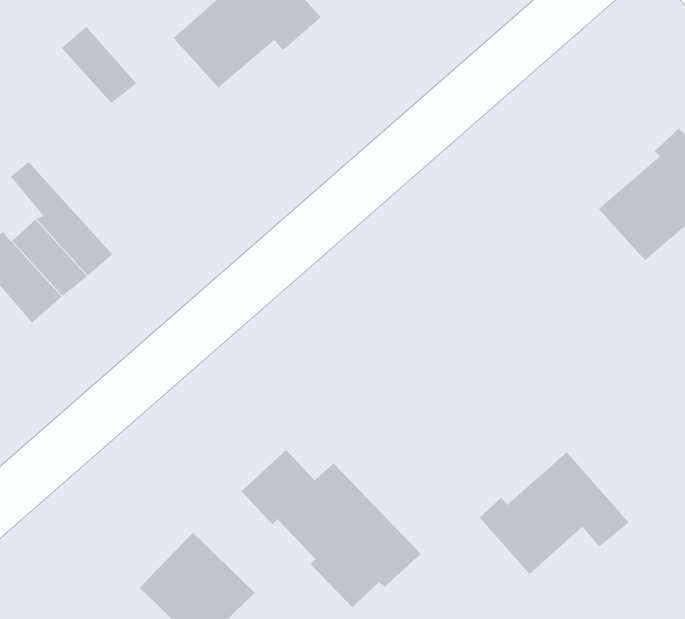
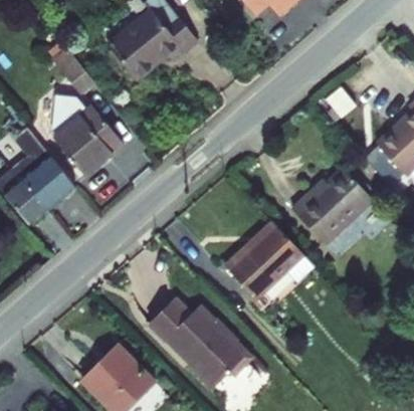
building: none -> [53,98,120,171]
building: none -> [290,171,373,247]
building: [479,451,630,575] -> [223,225,313,298]

